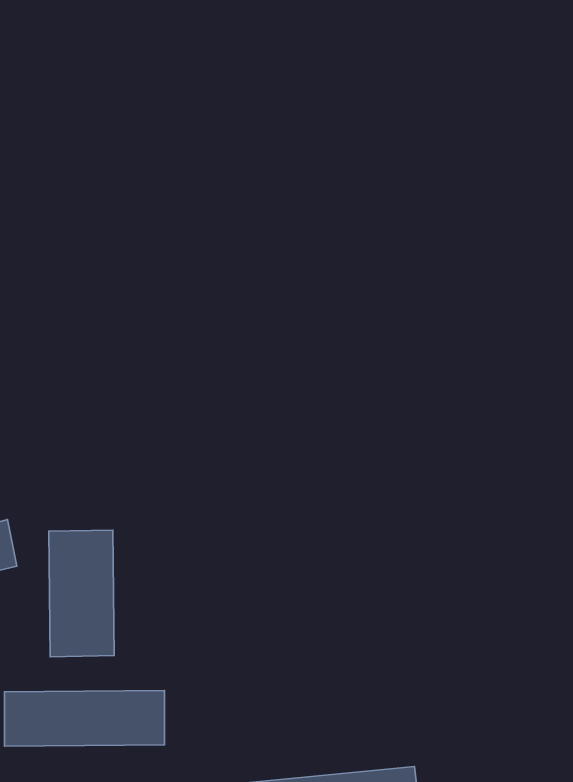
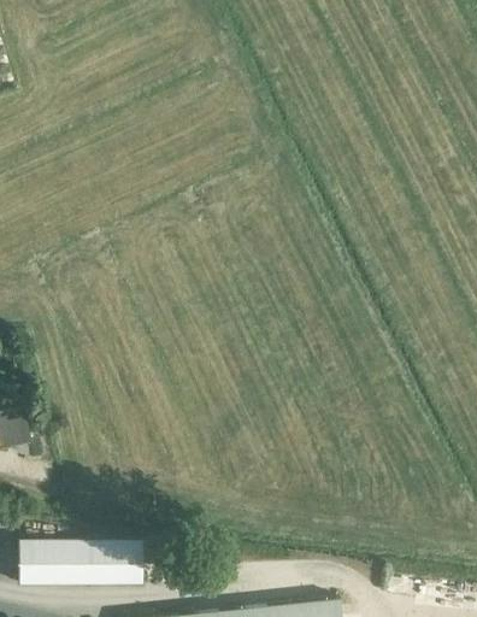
building: [49,530,114,657] -> none

